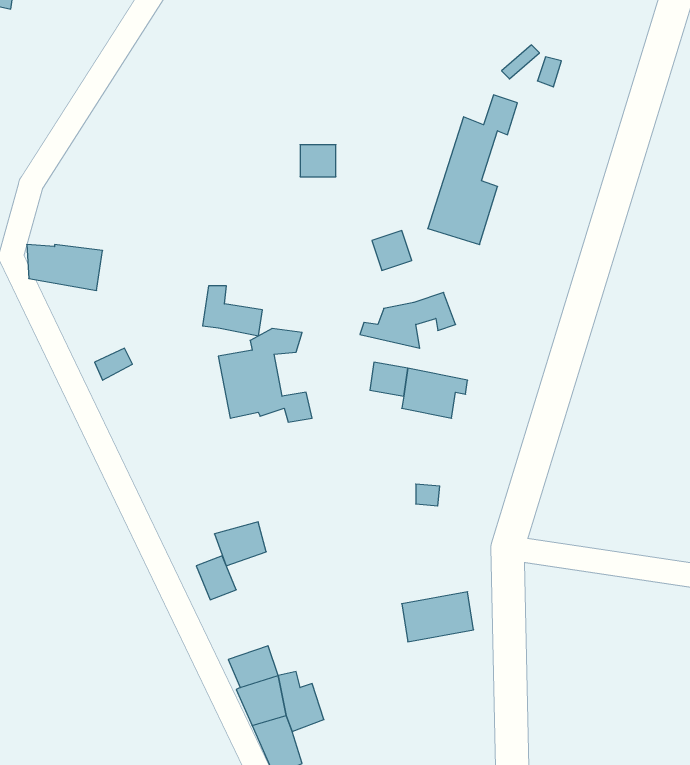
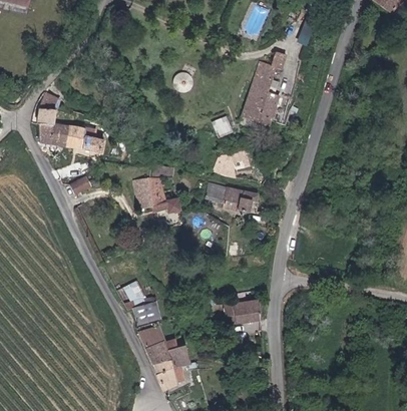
building: none -> [37,93,61,125]
building: [203,286,262,336] -> [73,127,103,152]
building: [214,522,266,566] -> [133,304,159,326]

